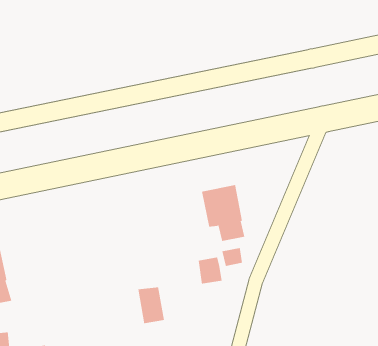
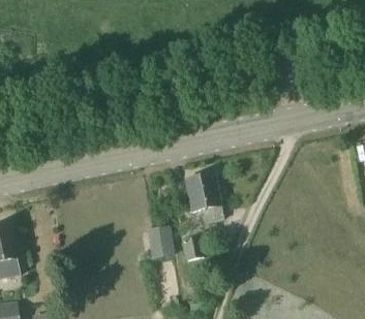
building: [137,287,165,324] -> [149,225,173,257]

